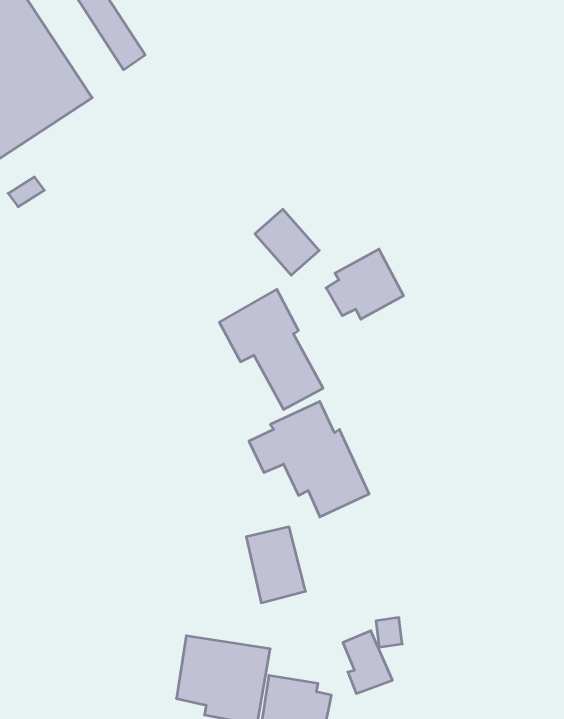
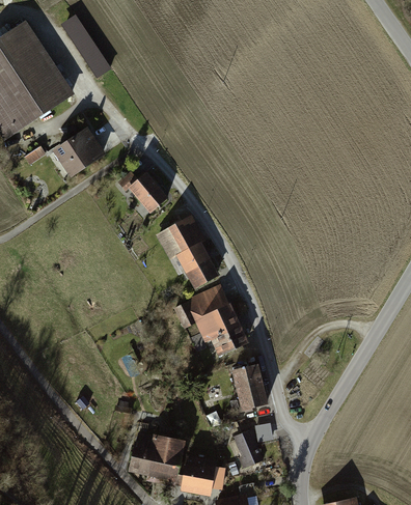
building: none -> [52,127,105,177]
building: [255,209,319,275] -> [129,172,169,214]
building: [326,249,403,319] -> none
building: [246,527,306,603] -> [232,363,270,411]

